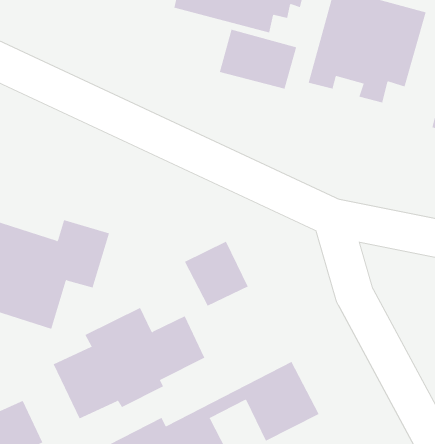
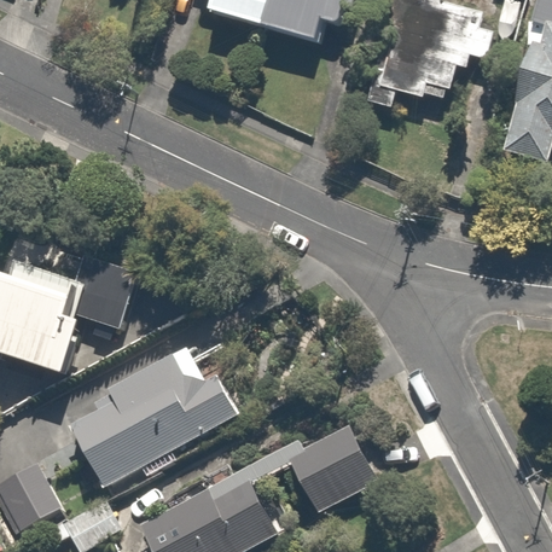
building: [219,29,297,90] -> none
building: [184,241,249,307] -> none

